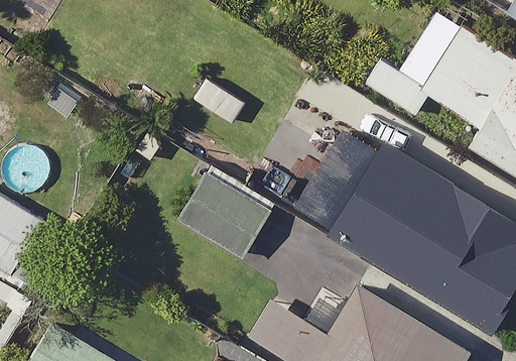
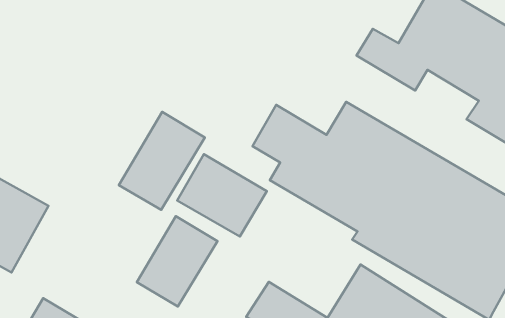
building: none -> [119,112,205,210]
building: none -> [137,216,217,306]

